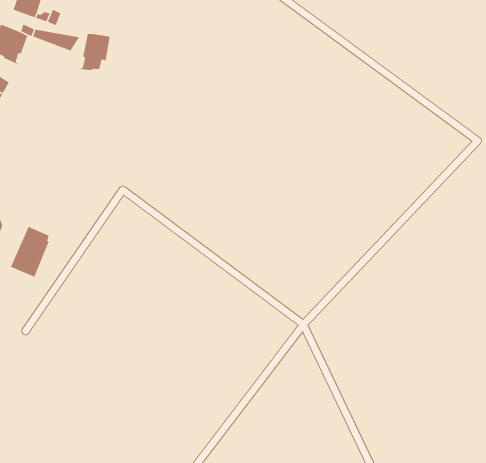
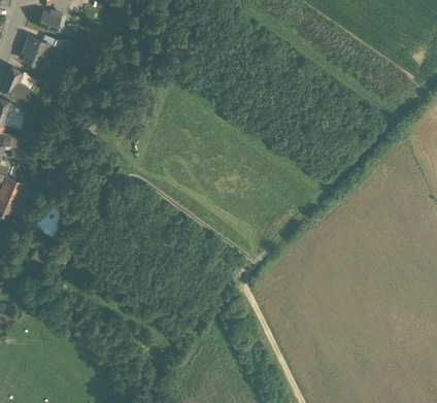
building: [80,33,111,71] -> none

